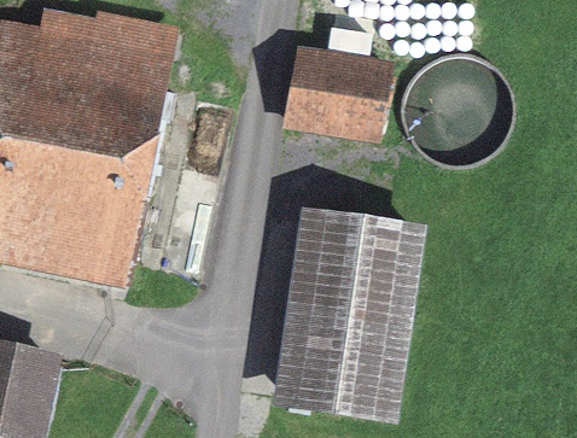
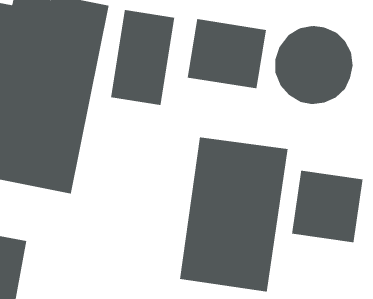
building: none -> [110,9,175,106]
building: none -> [291,170,363,243]

